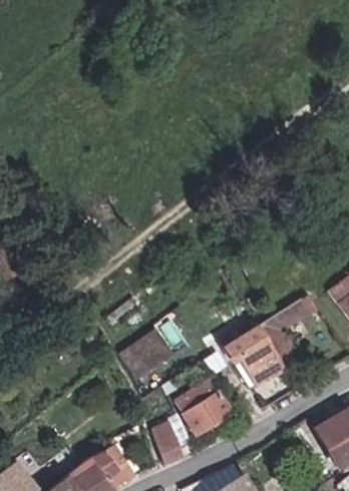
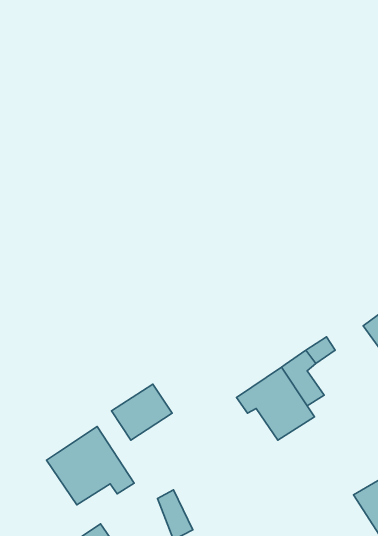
building: none -> [46,426,134,505]
building: [180,383,231,434] -> none

